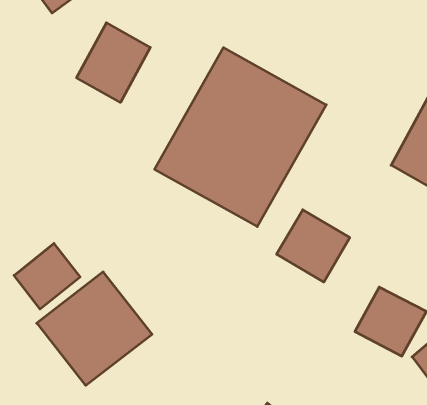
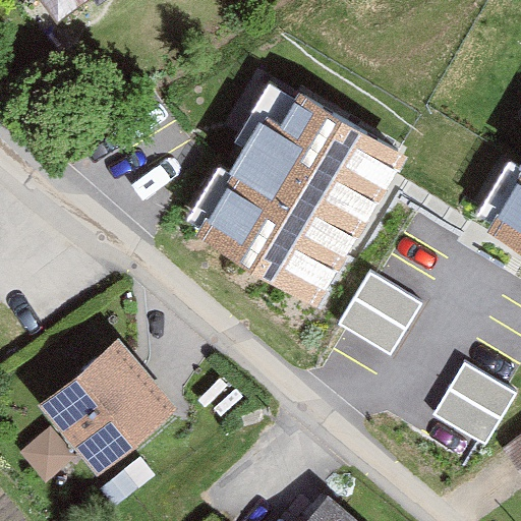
building: [77,23,150,102] -> none
building: [14,243,80,309] -> none

